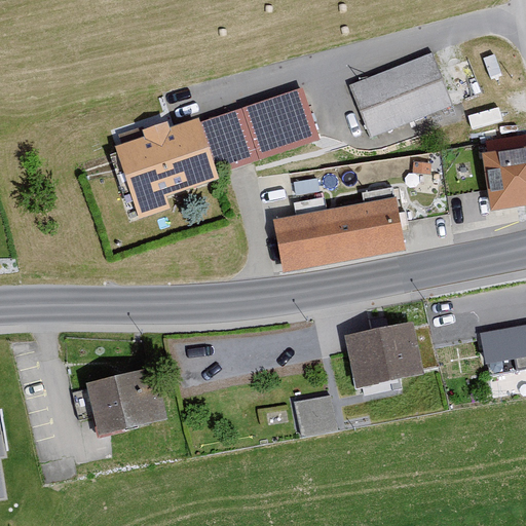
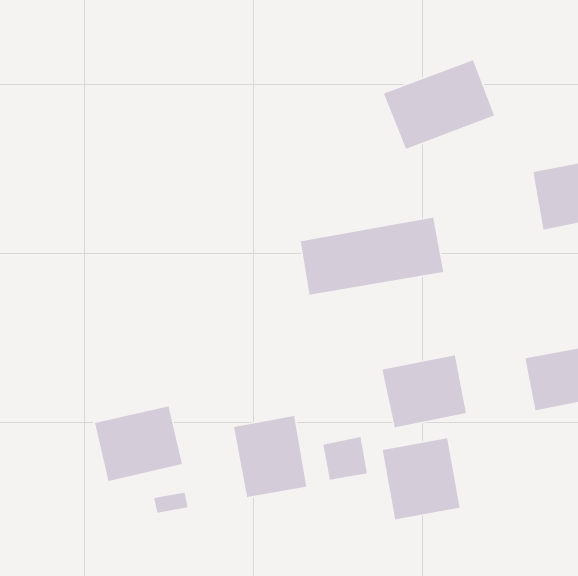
building: [114,88,318,219] -> none
building: none -> [233,415,307,498]
building: none -> [382,437,461,520]

